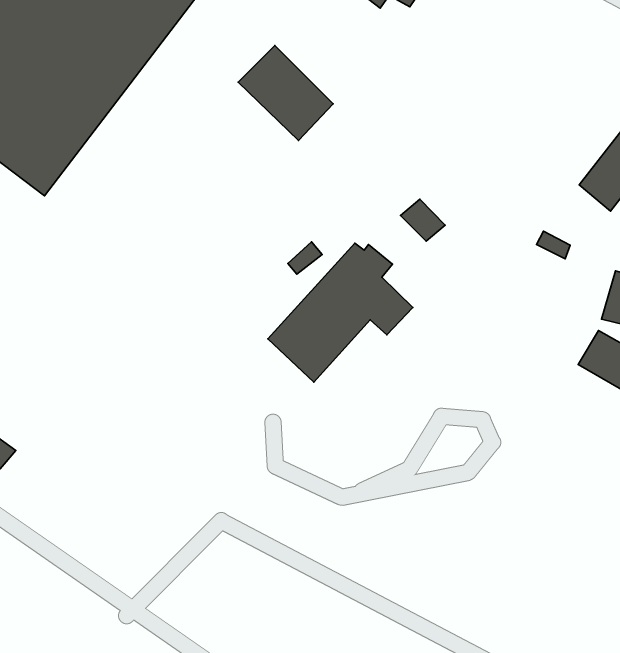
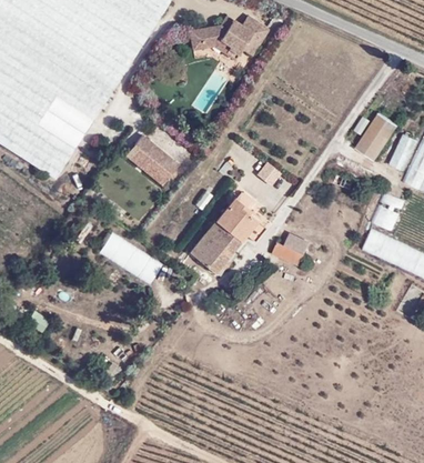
building: [238,46,333,140] -> [124,132,179,184]
building: none -> [100,234,162,285]
building: none -> [272,233,309,264]

